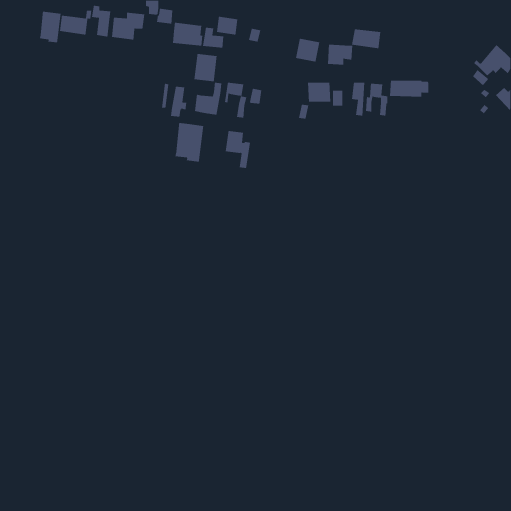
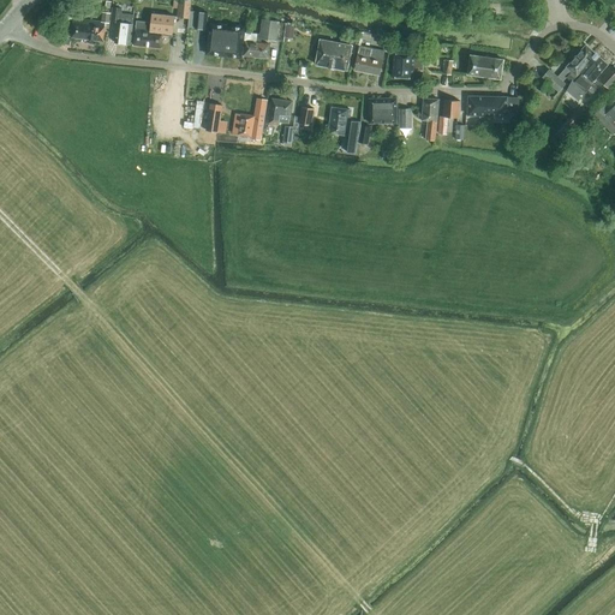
building: [39,11,61,43] -> none
building: [351,29,381,49] -> [467,55,503,79]
building: none -> [316,40,352,70]
building: none -> [542,44,596,91]
building: [194,53,217,82] -> none
building: [175,122,204,162] -> none
building: [225,130,251,168] -> [328,107,359,153]

